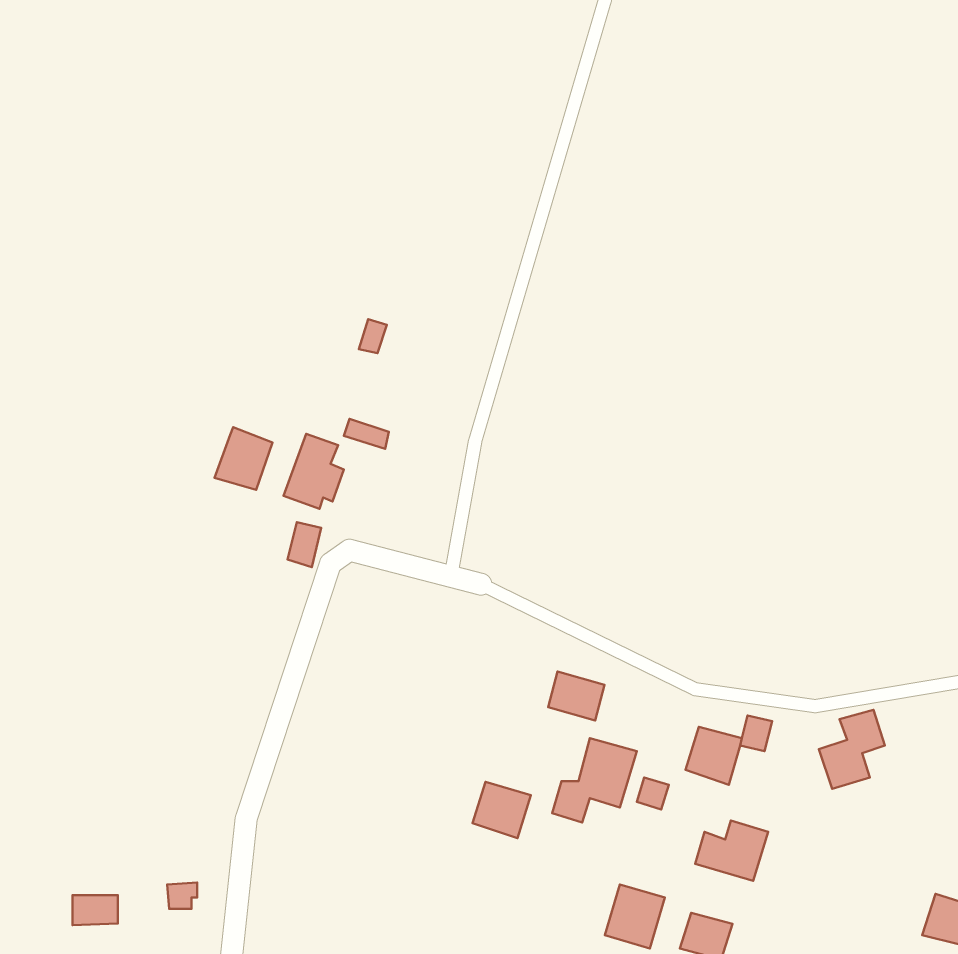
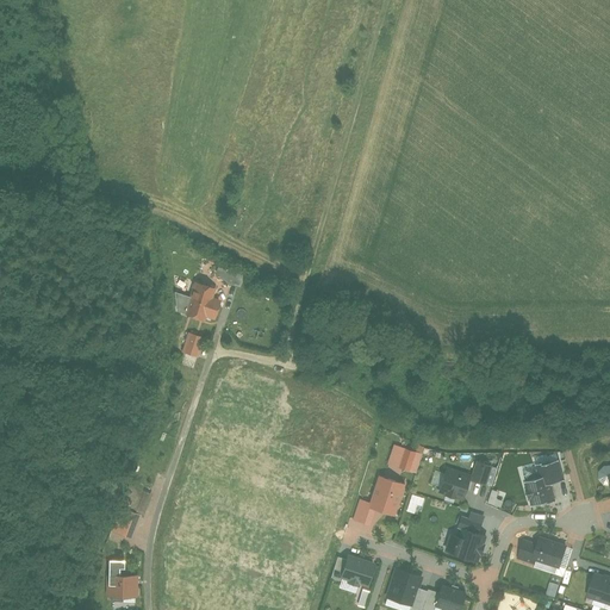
building: [215,427,273,490] -> none
building: [548,672,604,720] -> [386,442,422,473]
building: [472,782,531,838] -> [337,552,374,587]
building: none -> [512,530,568,573]
building: [73,895,118,925] -> [108,580,137,599]

